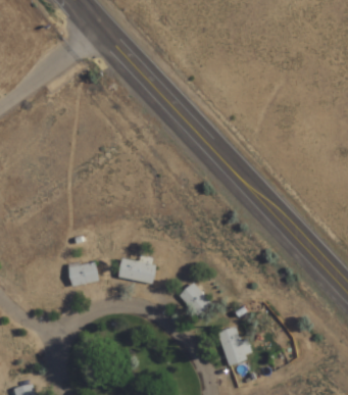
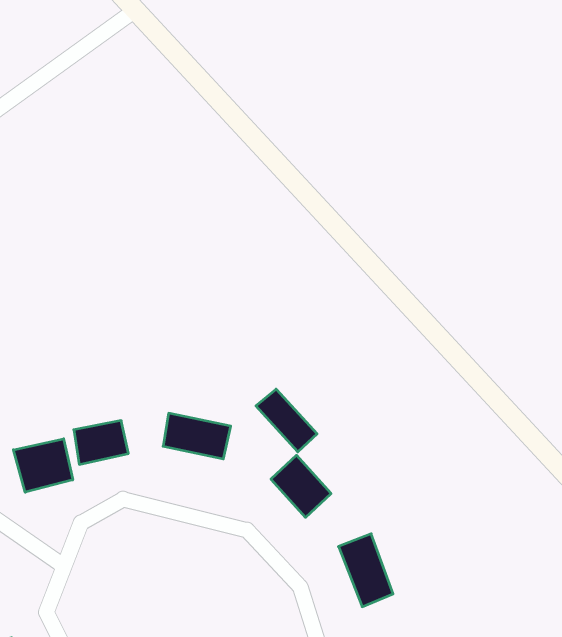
building: none -> [256,389,317,452]
building: none -> [13,439,73,492]

